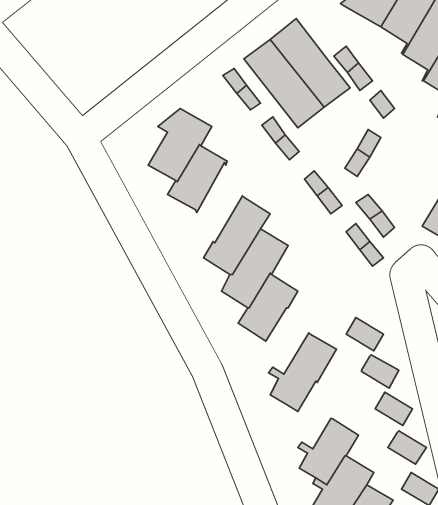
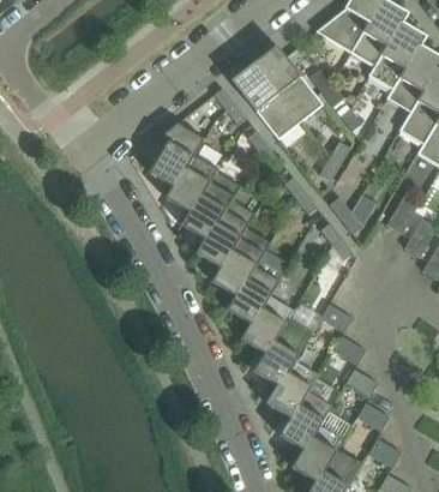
building: none -> [181,169,240,239]
building: none -> [241,295,293,353]
building: none -> [266,359,319,418]

